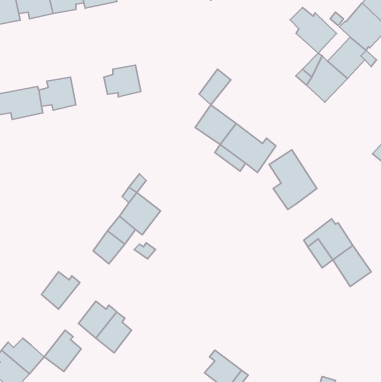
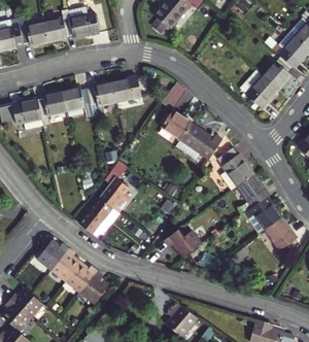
building: [290,7,336,53] -> none
building: none -> [112,75,141,100]
building: none -> [62,86,91,110]
building: none -> [237,175,265,215]
building: none -> [162,231,201,261]
building: [44,330,81,371] -> [53,248,81,280]

